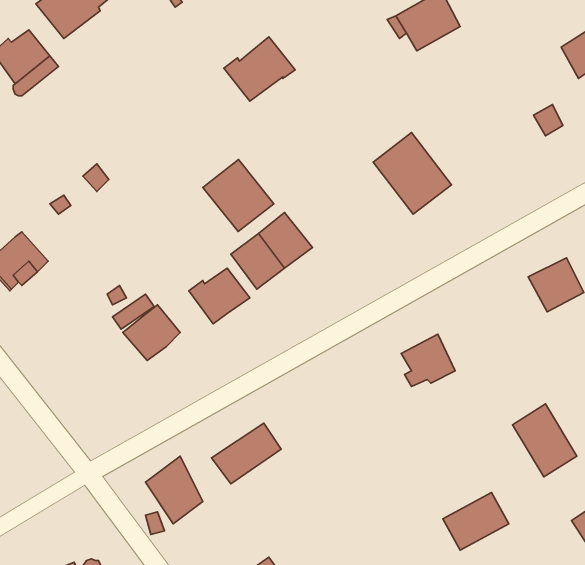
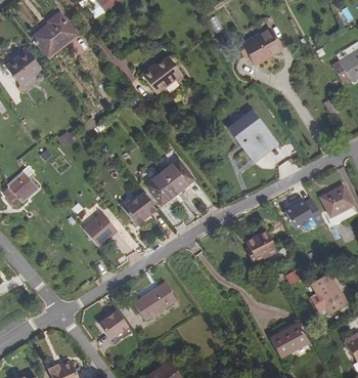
building: [203,160,274,232] -> none
building: none -> [283,196,324,229]

